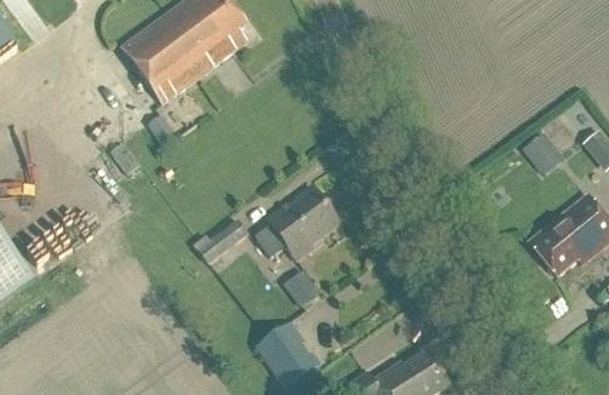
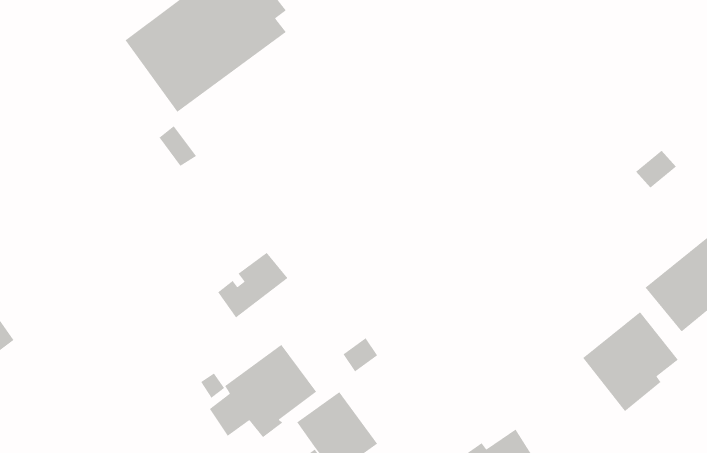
building: [255,184,340,258] -> [209,344,317,438]
building: none -> [582,311,679,412]

